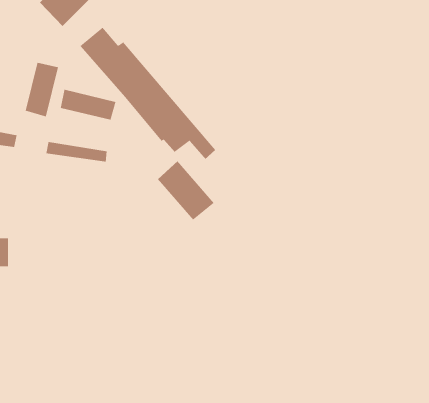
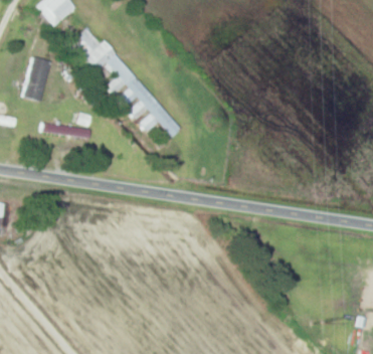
building: [60,89,116,121] -> none
building: [157,160,214,221] -> none

